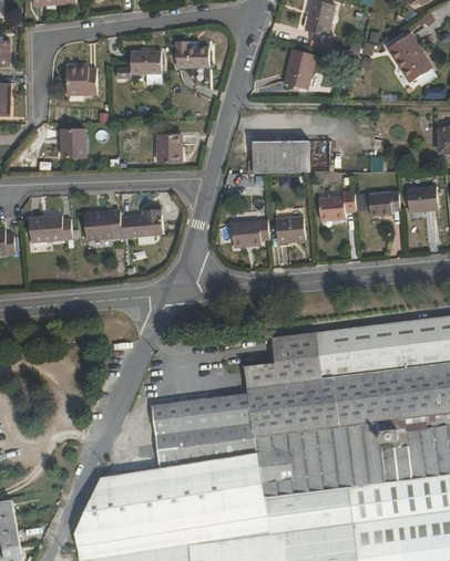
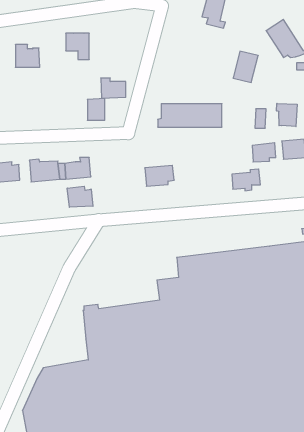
building: [175,42,207,67] -> [101,78,126,98]
building: [283,49,315,89] -> [233,51,258,82]
building: [61,128,84,157] -> none
building: none -> [277,103,297,127]
building: [318,191,355,219] -> [232,169,260,191]
building: [275,216,304,241] -> none
building: none -> [67,186,93,207]

